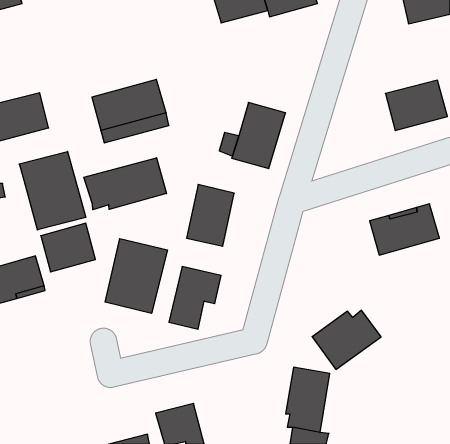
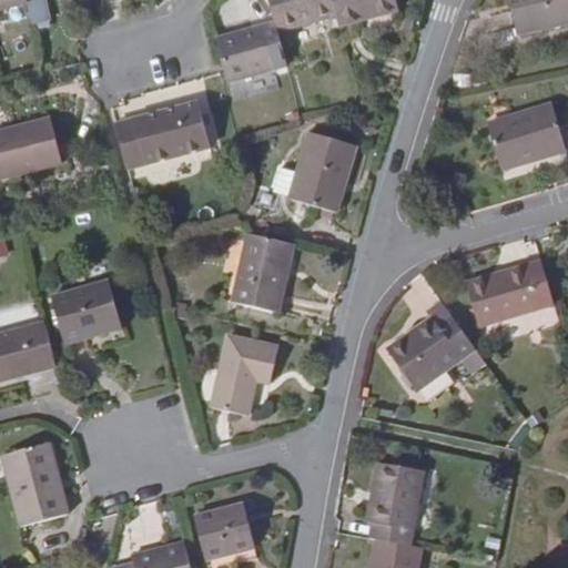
building: none -> [217,27,287,80]
building: [19,151,86,230] -> none
building: [84,158,166,210] -> none
building: [105,239,167,313] -> none
building: [312,310,381,369] -> [386,313,473,387]
building: none -> [7,446,70,531]

